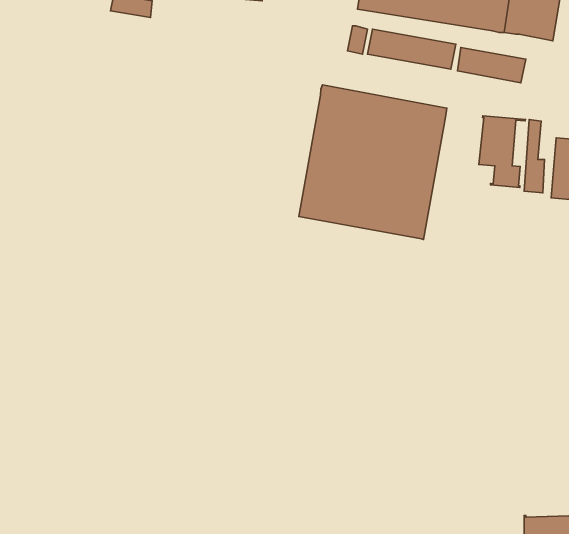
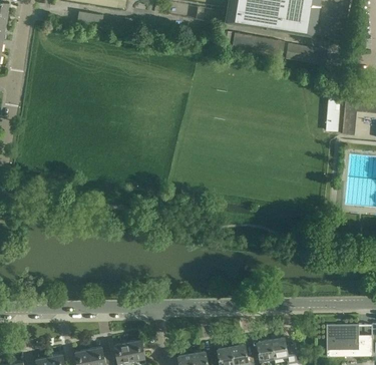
building: [299,85,447,240] -> none
building: [479,116,525,187] -> none

